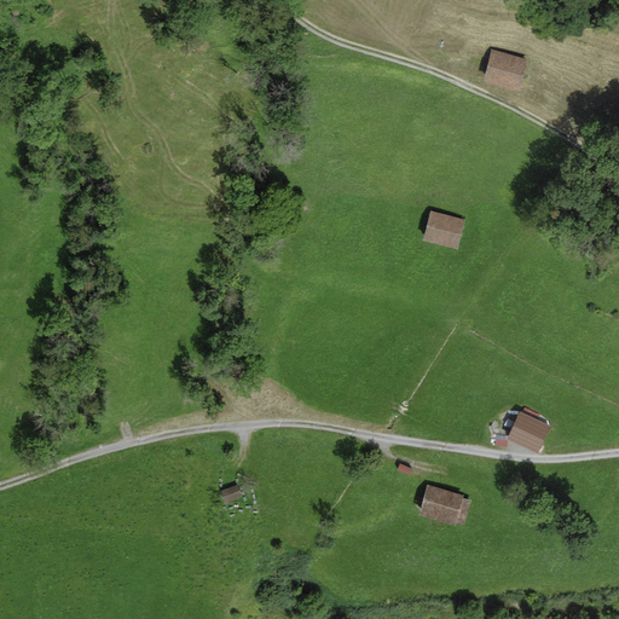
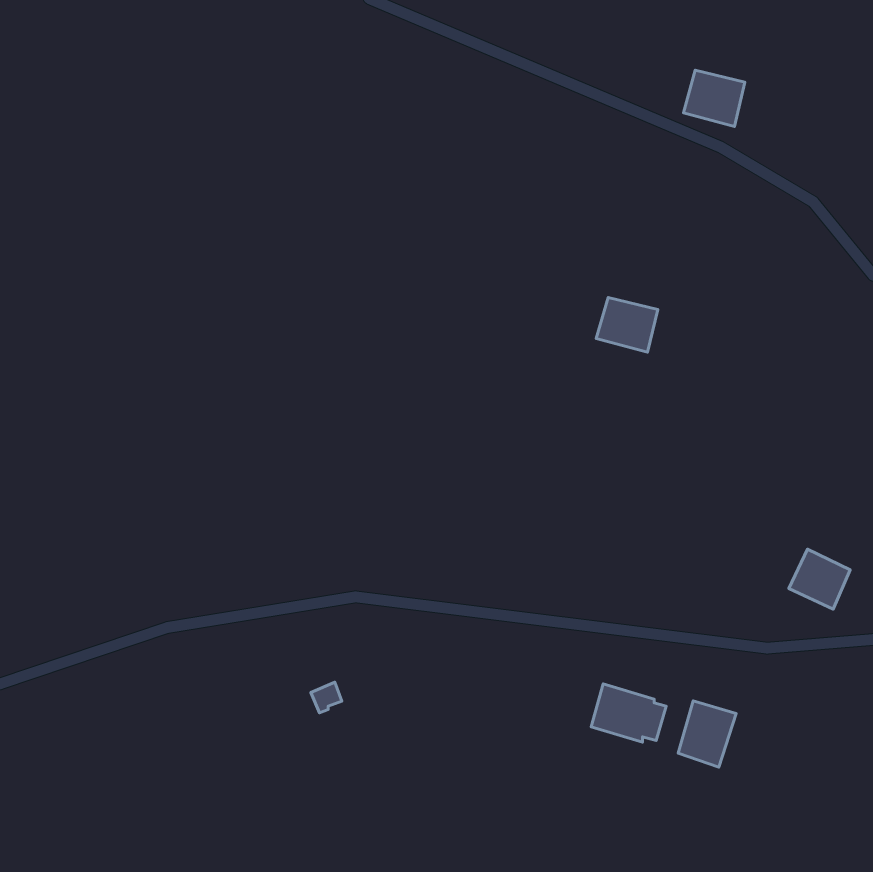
building: [507,411,550,453] -> [789,549,850,609]
building: none -> [678,701,736,767]

